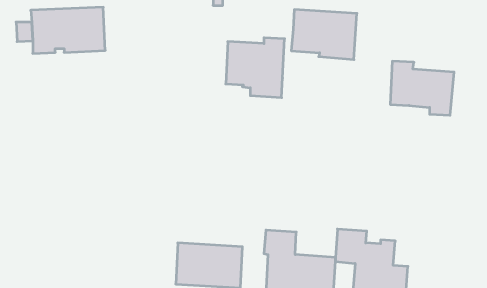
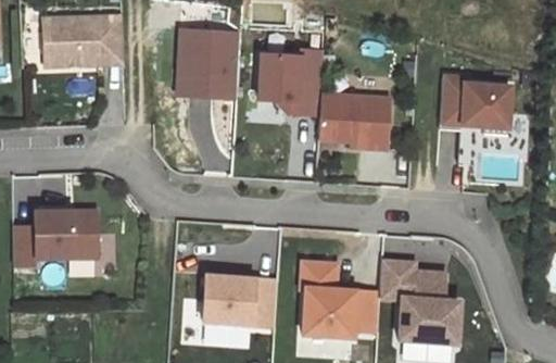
building: [291,10,357,60] -> [317,93,390,149]
building: none -> [176,28,240,99]
building: none -> [12,211,97,265]

